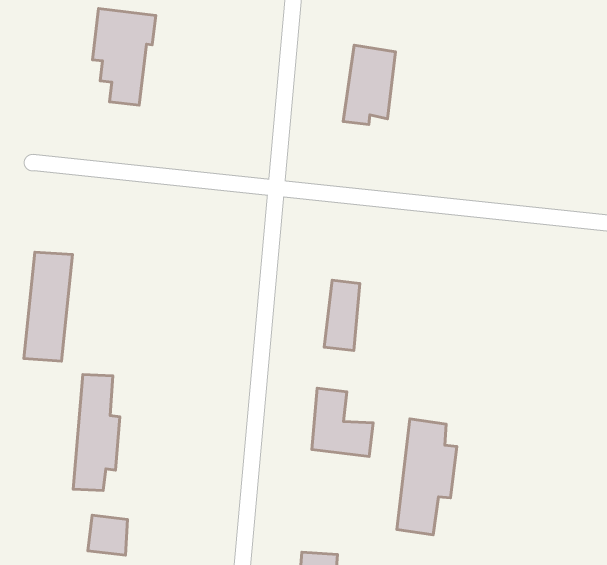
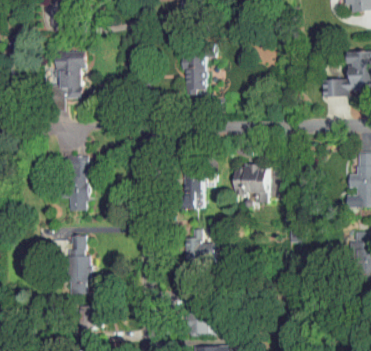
building: [24,252,72,361] -> [66,156,86,211]
building: none -> [234,166,268,203]
building: [397,419,457,535] -> none

